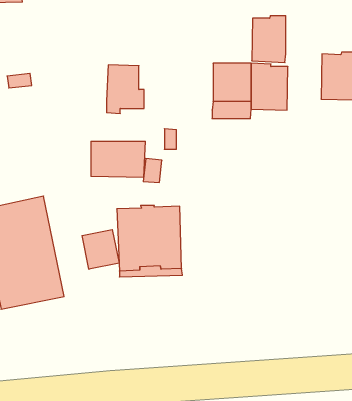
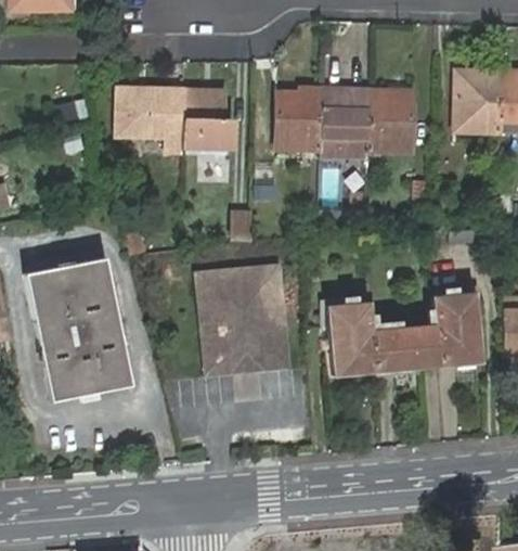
building: [252,16,286,63] -> [277,88,321,148]
building: [91,141,145,177] -> [118,90,187,136]
building: none -> [328,292,480,375]
building: [82,230,119,269] -> none

